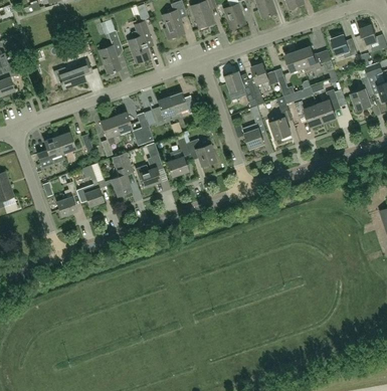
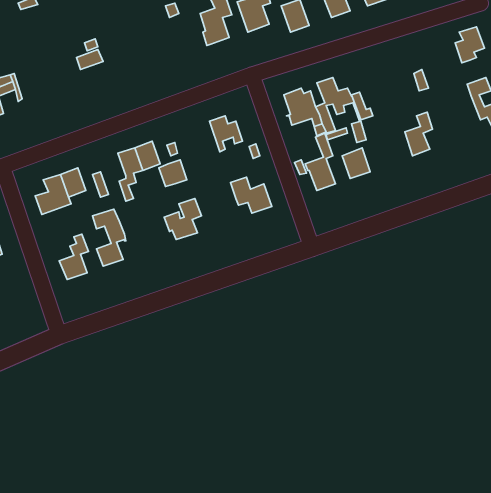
building: [99,20,123,74] -> none
building: [128,21,152,63] -> none
building: [332,34,358,57] -> none
building: [285,46,323,73] -> none
building: [58,59,92,89] -> none
building: [351,68,375,111] -> none
building: [154,96,178,125] -> none
building: [295,101,324,127] -> none
building: [167,133,190,177] -> none
building: [106,152,134,196] -> none

